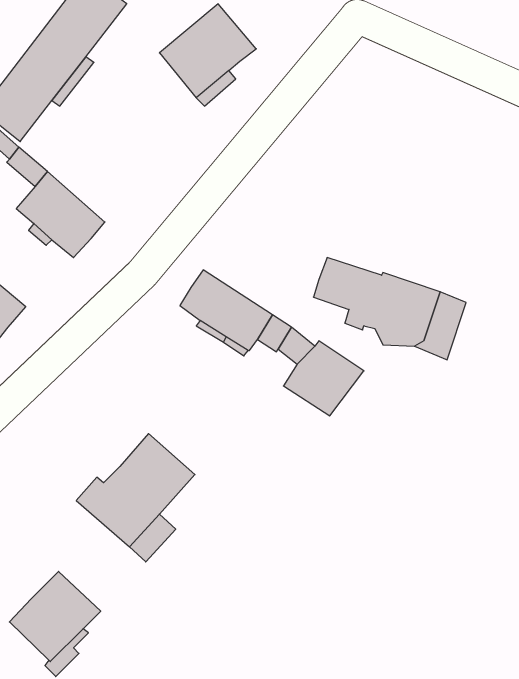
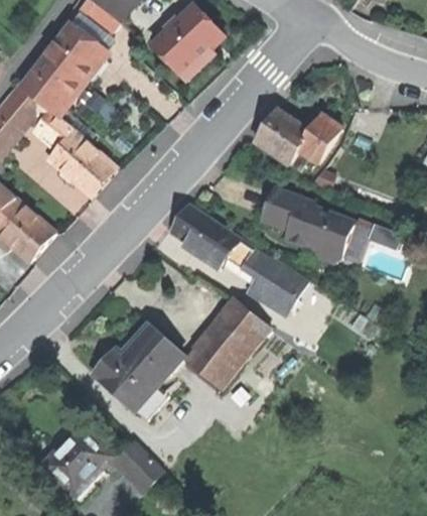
building: none -> [253,110,339,170]
building: none -> [182,298,268,390]
building: none -> [113,438,162,488]

